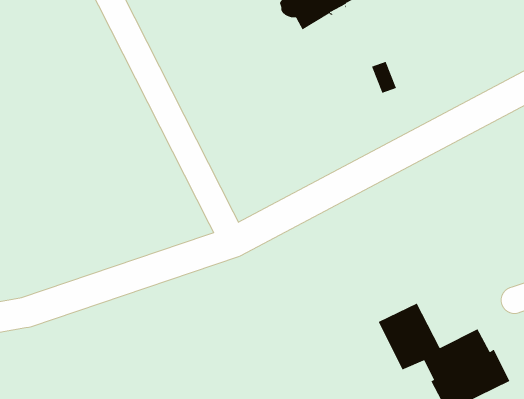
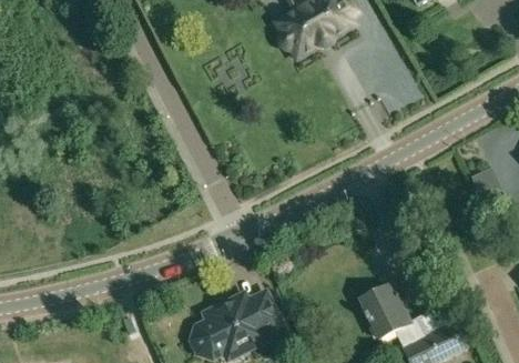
building: none -> [192,292,279,355]

